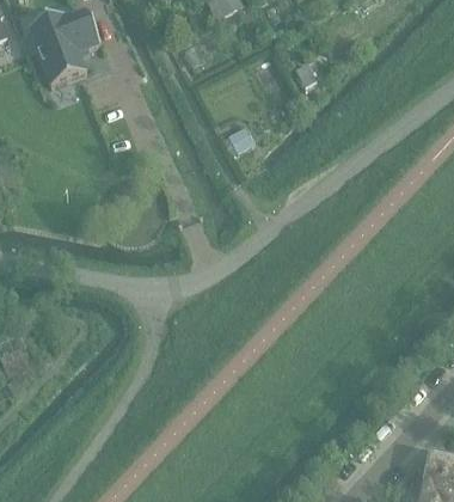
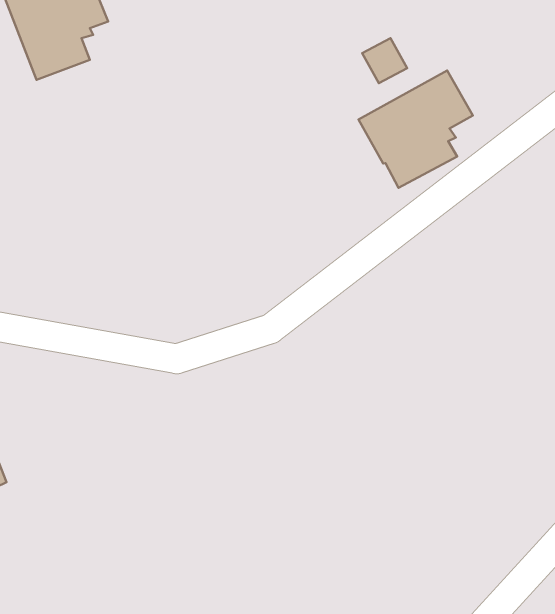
building: none -> [358,70,473,188]

